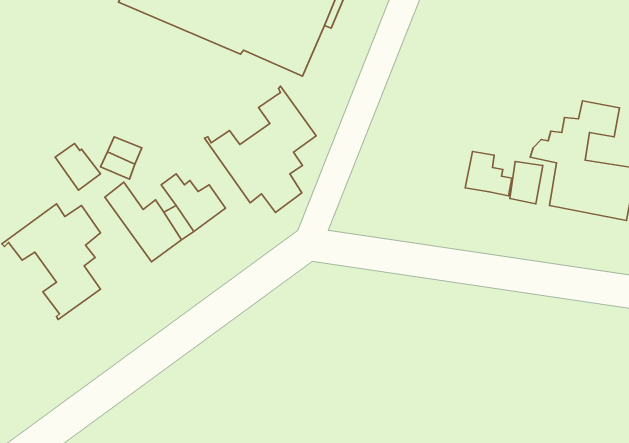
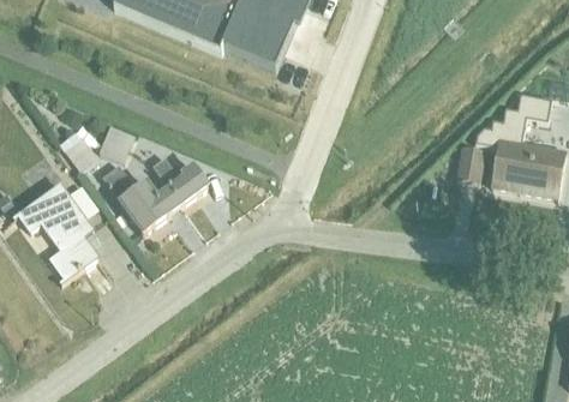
building: [204,86,316,212] -> none
building: [465,151,512,196] -> none

